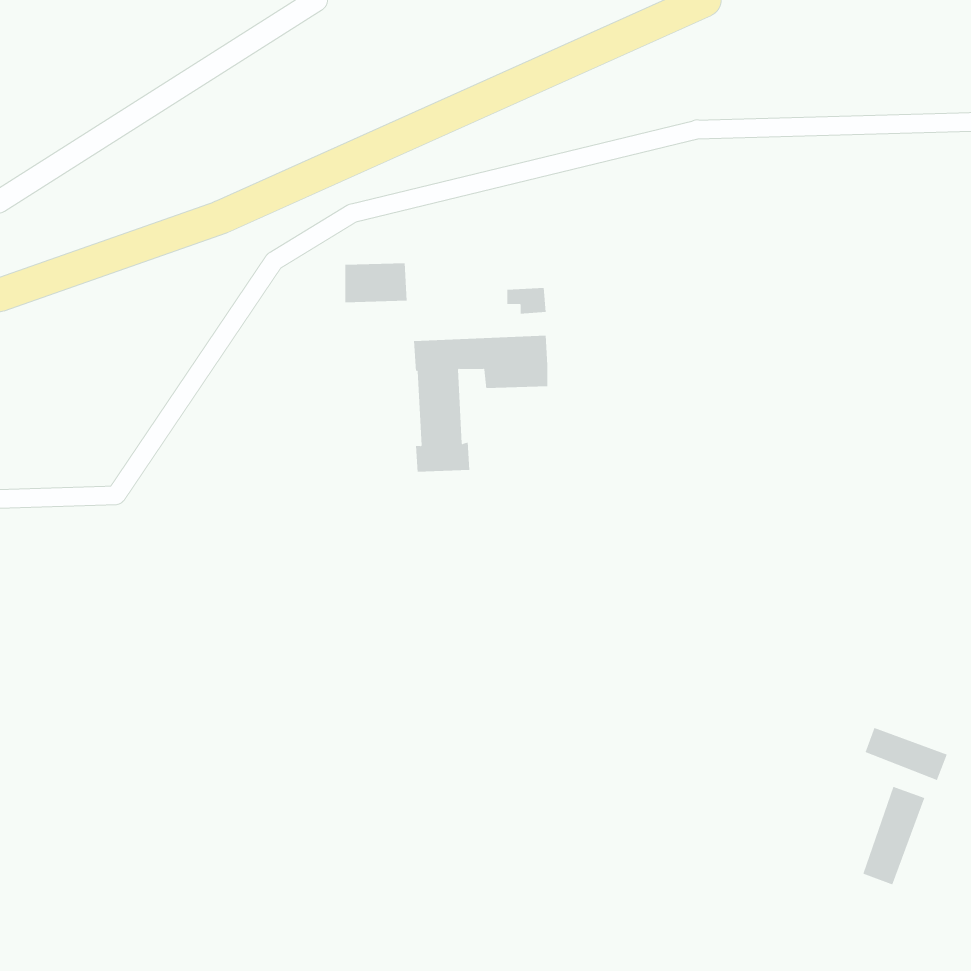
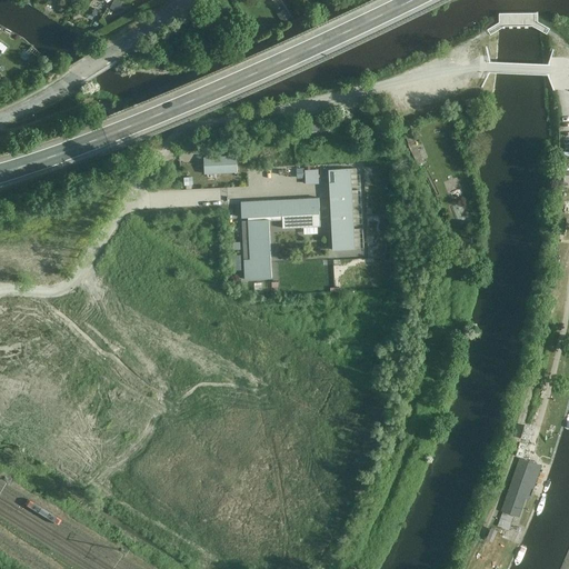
building: none -> [329,170,356,252]
building: [865,727,947,781] -> none

